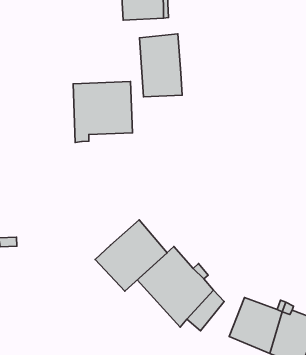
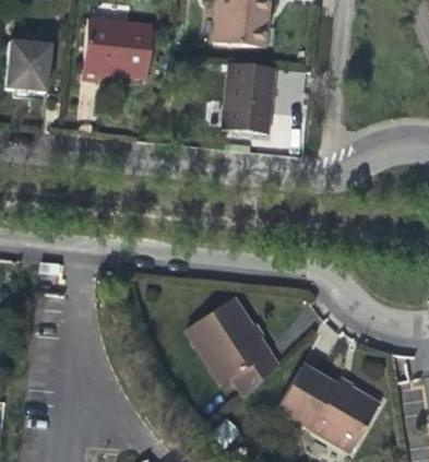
building: [73,81,132,142] -> [85,13,156,79]
building: [95,220,167,291] -> none

